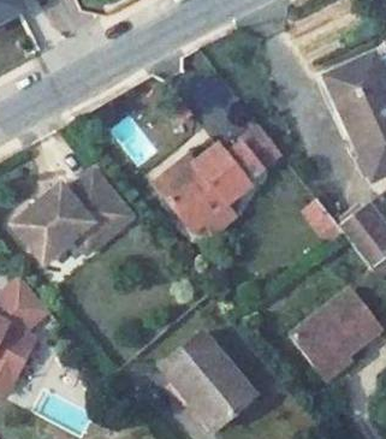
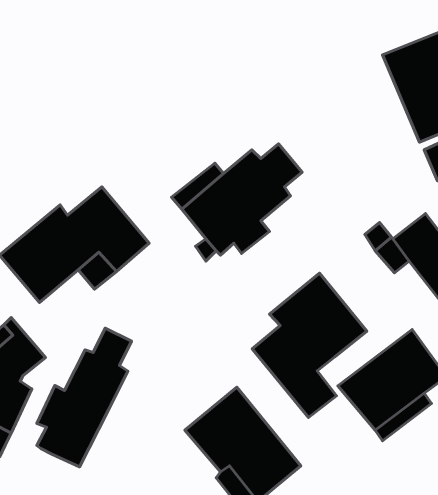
building: none -> [252,273,367,418]
building: none -> [37,328,132,467]

